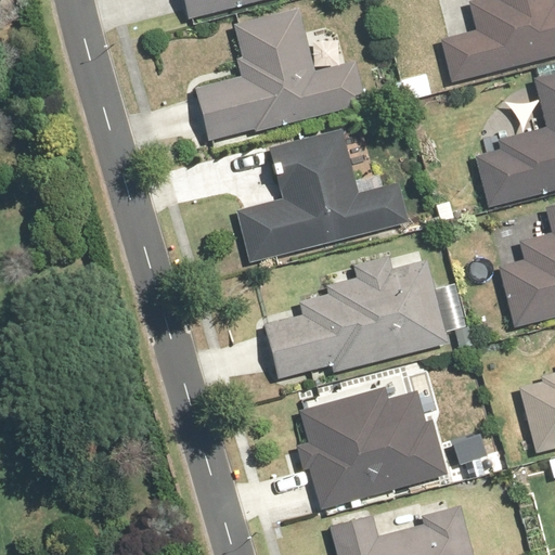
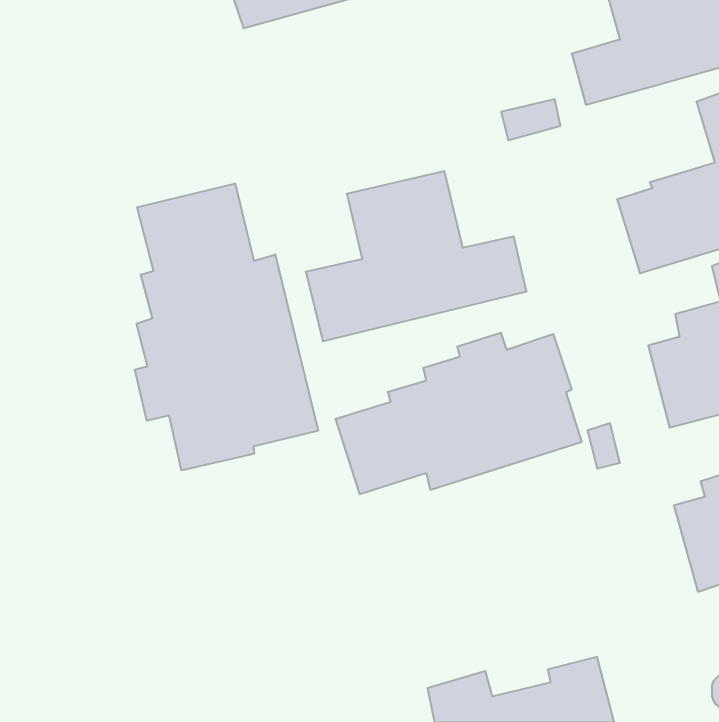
building: [193,8,365,146] -> none
building: none -> [135,183,318,470]
building: [297,387,446,513] -> none

